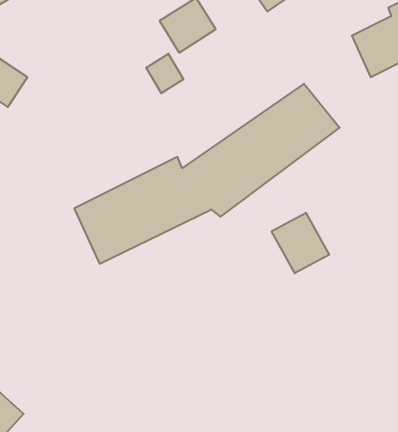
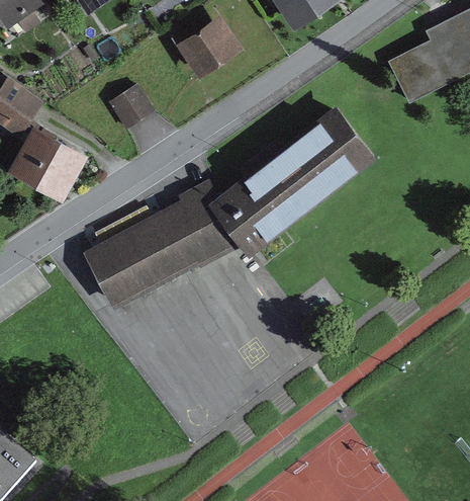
building: [146,54,184,93] -> [109,88,150,131]
building: none -> [12,132,81,203]
building: [272,213,329,273] -> none

